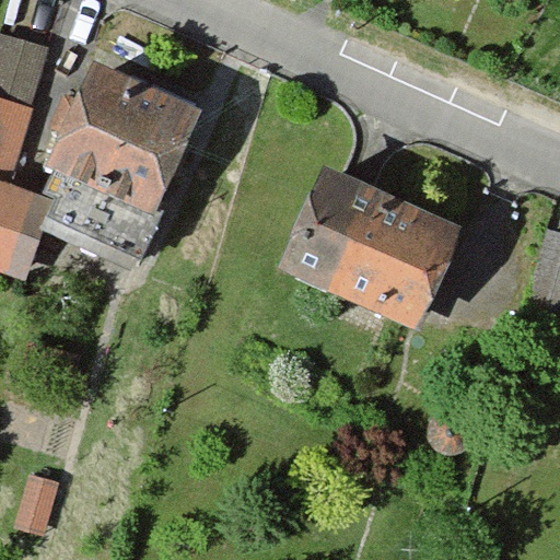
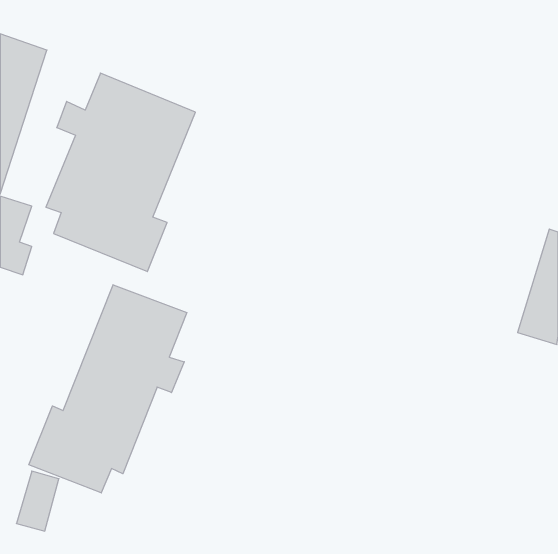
building: [282,165,458,325] -> none
building: none -> [29,285,187,493]

